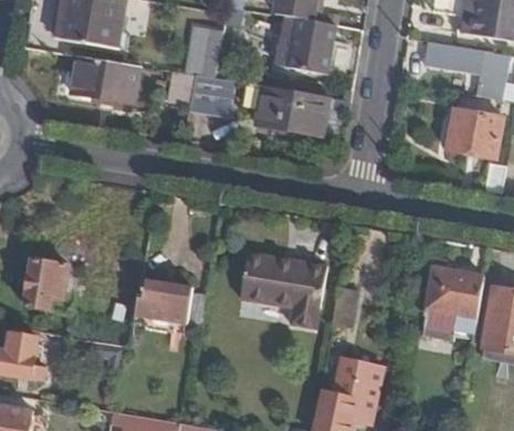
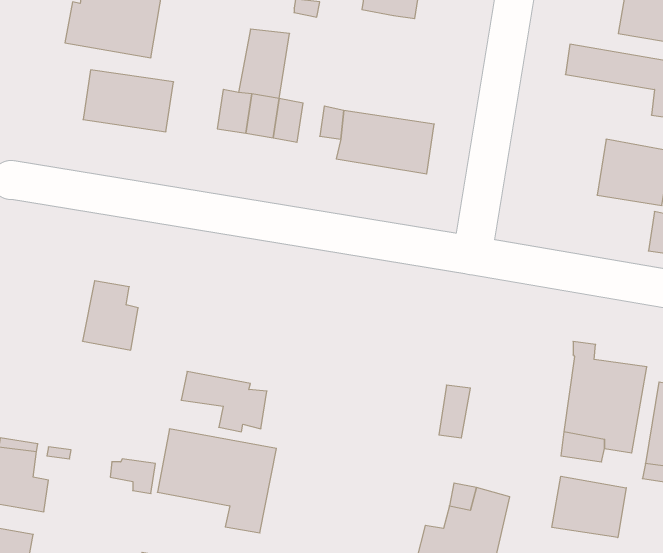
building: [290,19,335,77] -> none
building: [239,253,326,329] -> [157,429,276,533]
building: [24,262,65,313] -> [82,281,138,350]
building: none -> [552,476,626,538]

